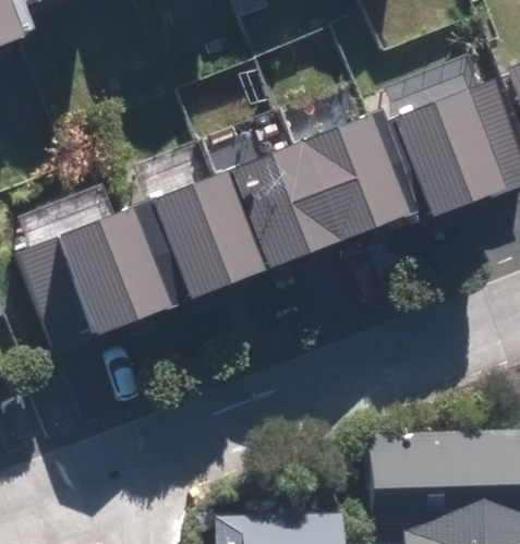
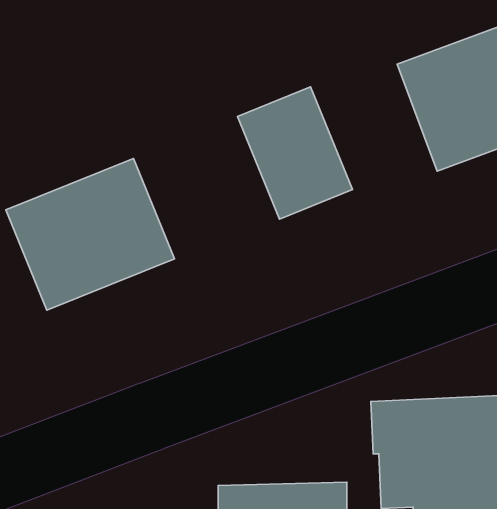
building: [311,107,419,233] -> none
building: [142,166,274,300] -> none

